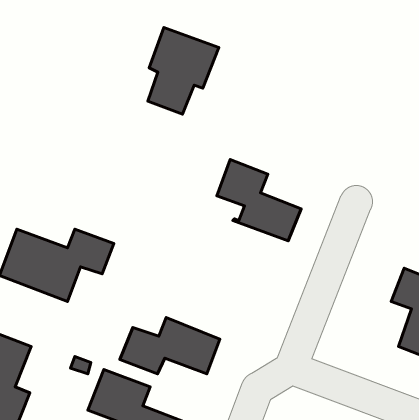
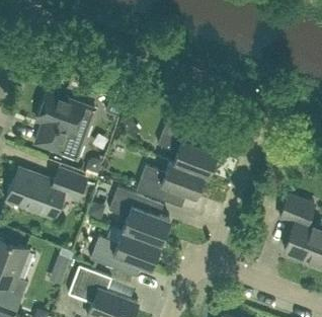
building: [148,27,219,114] -> [36,92,86,153]
building: none -> [138,162,209,201]
building: none -> [109,187,170,245]

